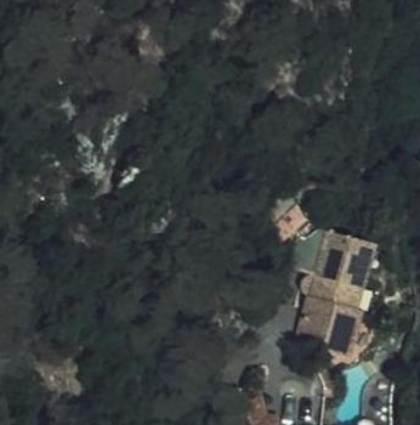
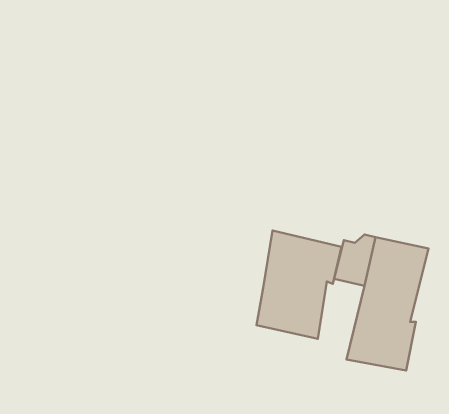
building: none -> [256,231,341,339]

